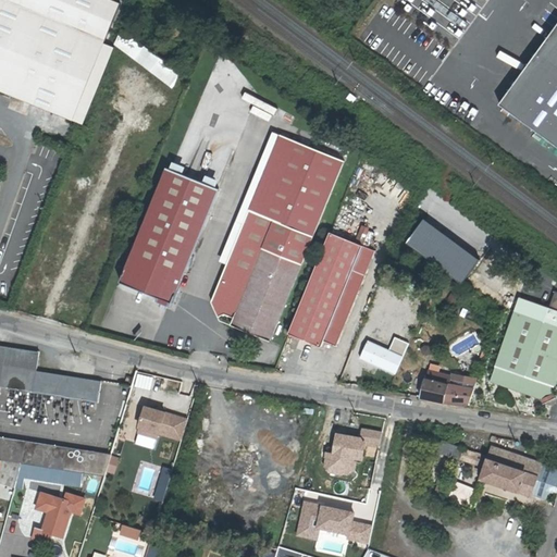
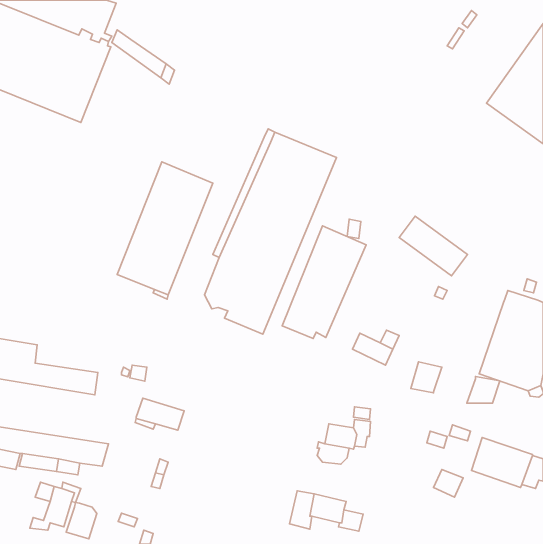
building: [443,373,476,400] -> [467,377,500,403]
building: none -> [66,502,97,539]

